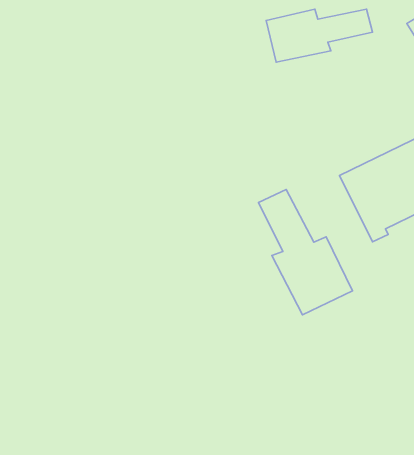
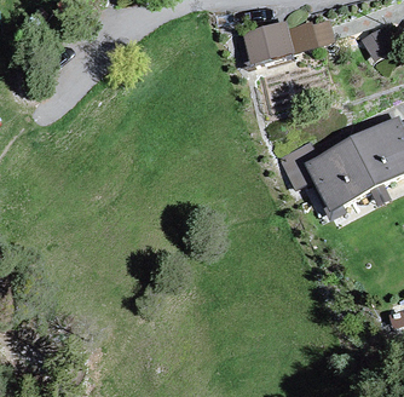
building: [258,189,353,315] -> none

